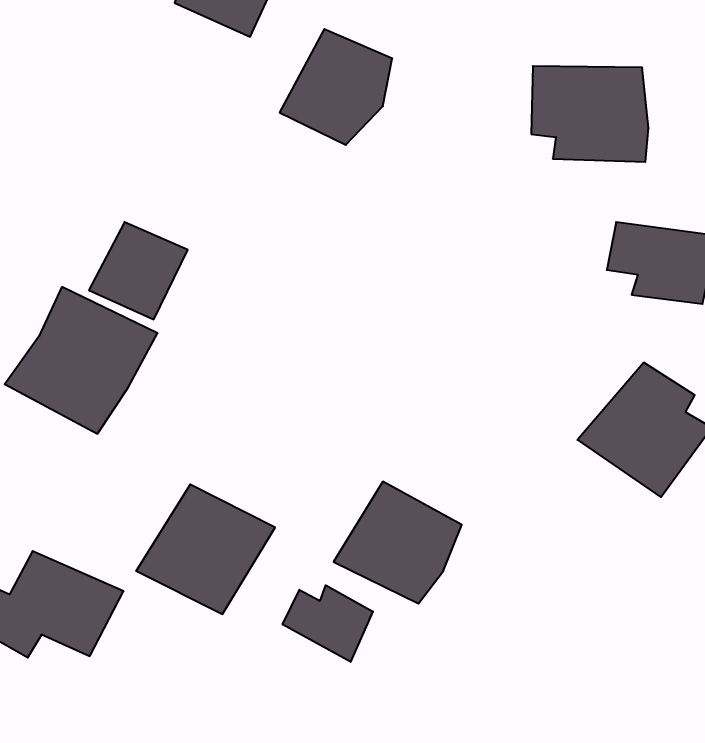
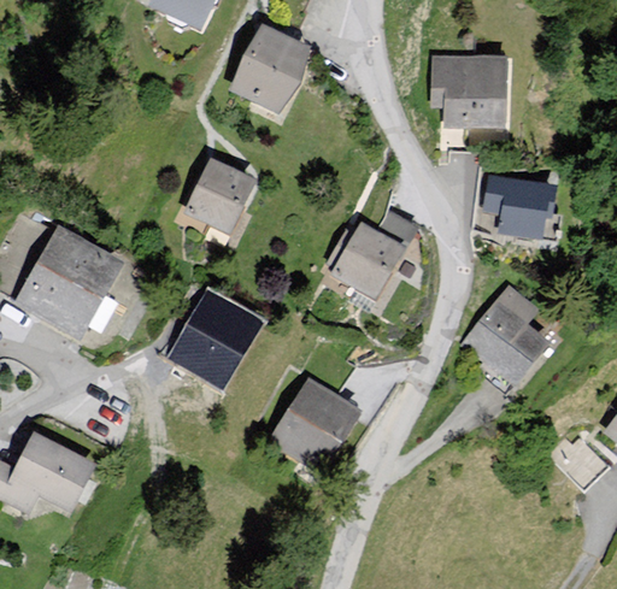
building: [89,222,188,319] -> [177,158,254,234]
building: none -> [330,220,411,300]
building: [136,484,275,614] -> [160,289,269,390]
building: [283,585,373,662] -> none

